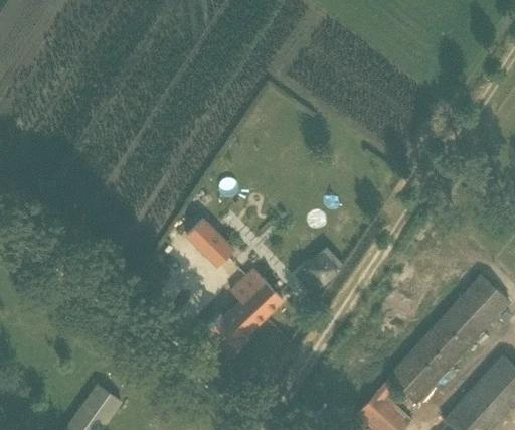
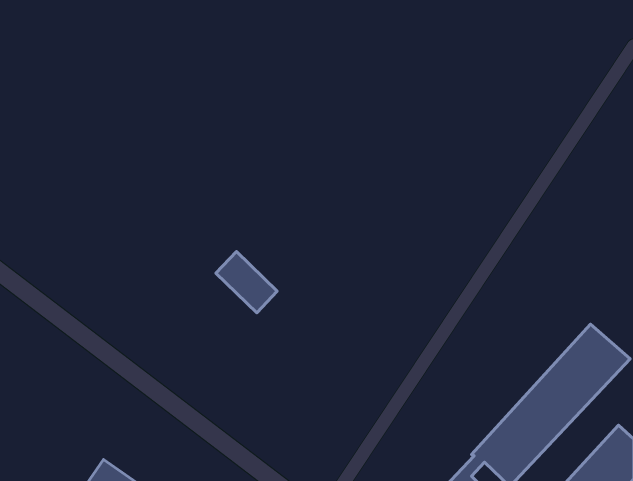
building: [303,246,345,288] -> none
building: [203,271,281,357] -> none

